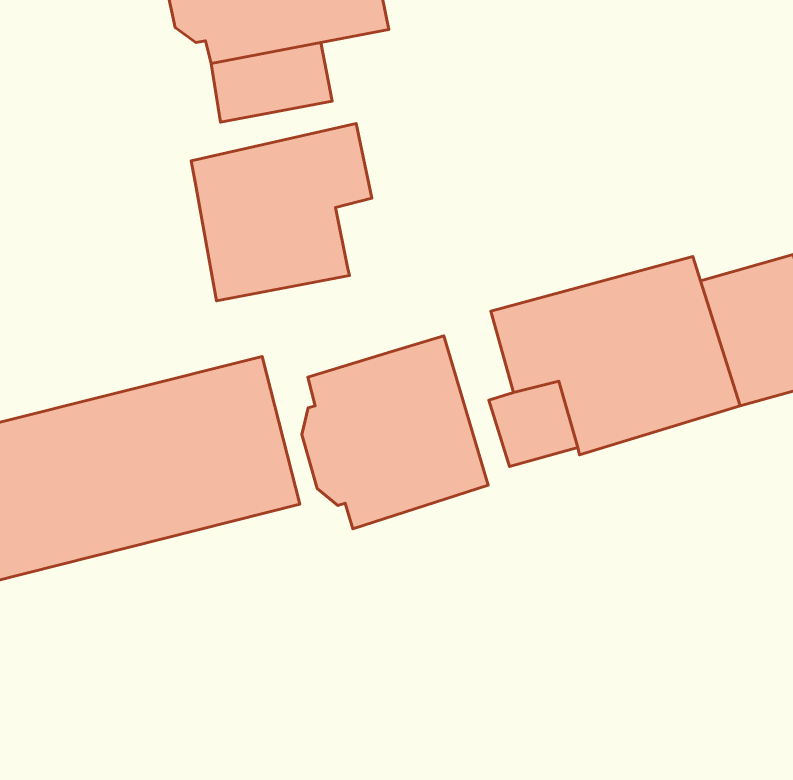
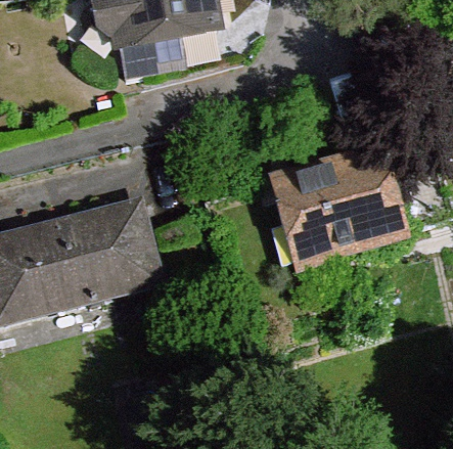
building: [191,123,372,301] -> none
building: [302,336,488,529] -> none

